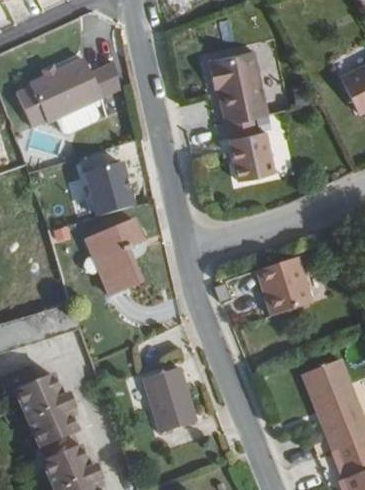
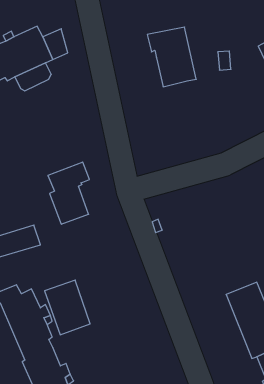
building: [227,122,275,186] -> none
building: [90,161,139,215] -> none
building: [258,263,313,321] -> none
building: [143,371,198,437] -> [45,280,90,335]

